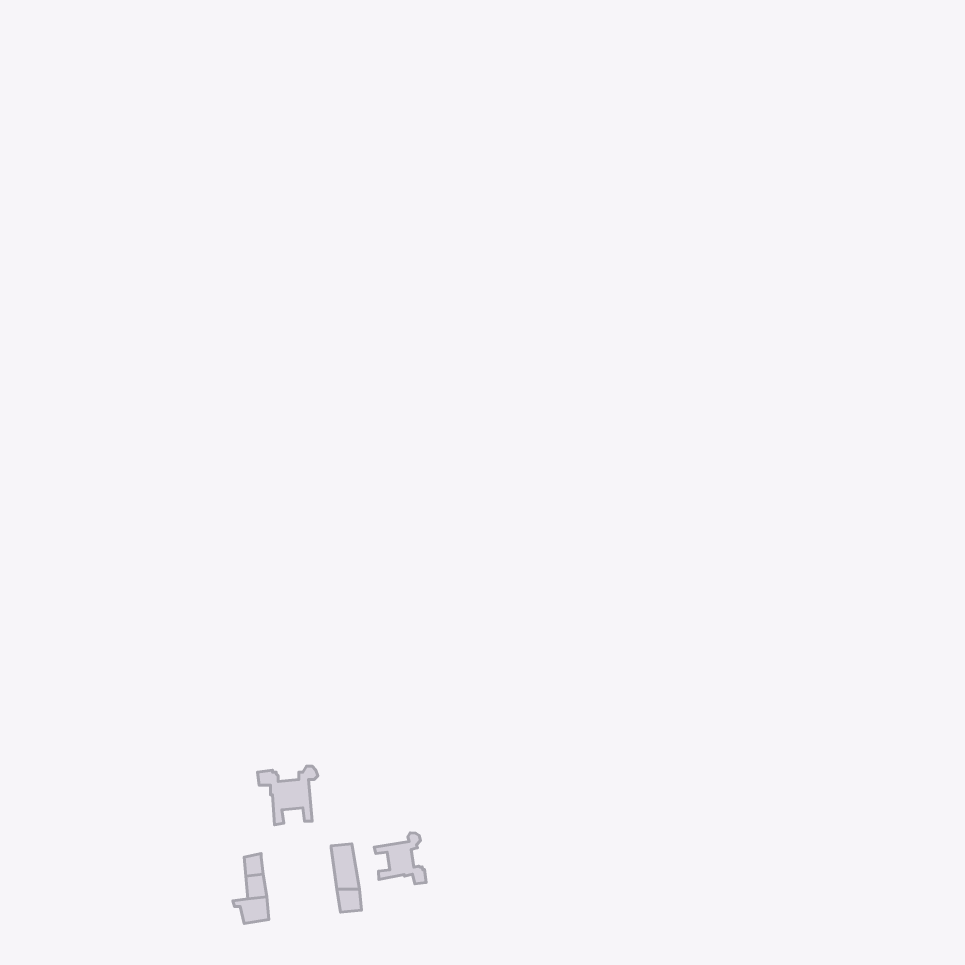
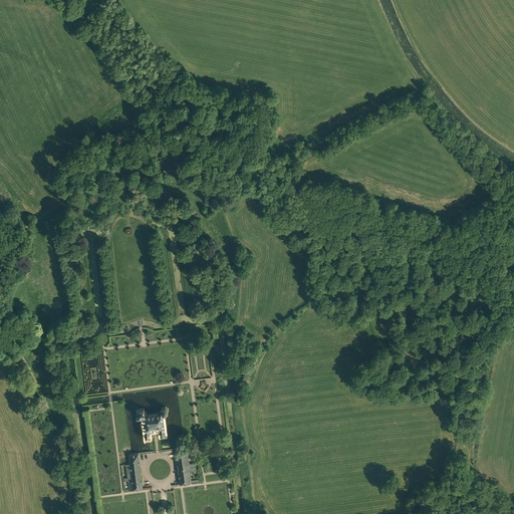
building: [374,833,426,884] -> none

